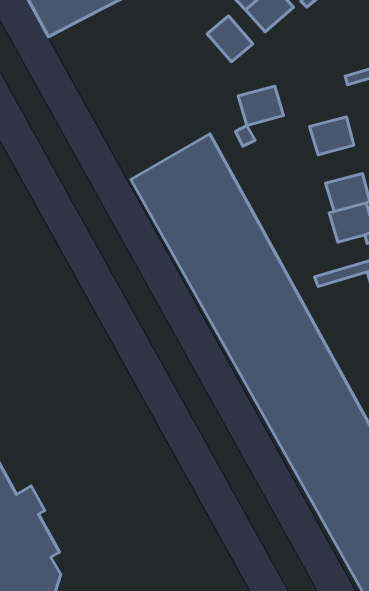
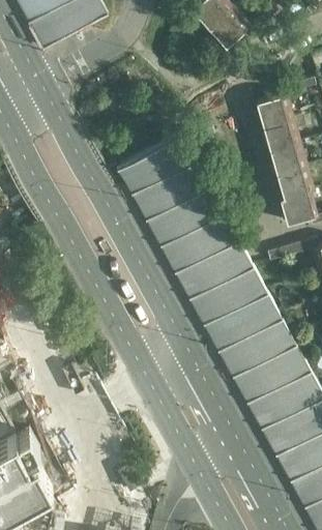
building: [207,16,253,62] -> none
building: [238,86,284,125] -> [256,93,294,126]
building: none -> [270,142,308,174]

